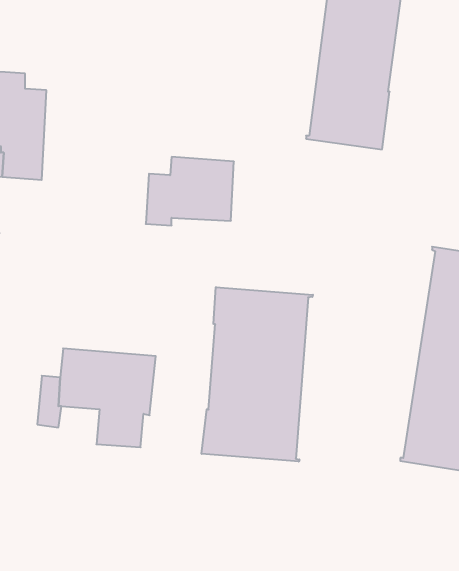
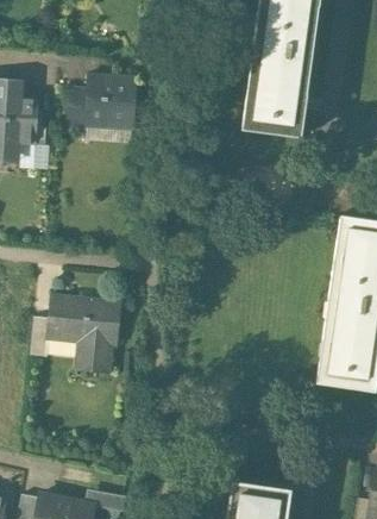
building: [146,157,234,225] -> [67,76,136,130]
building: [202,287,313,462] -> none

